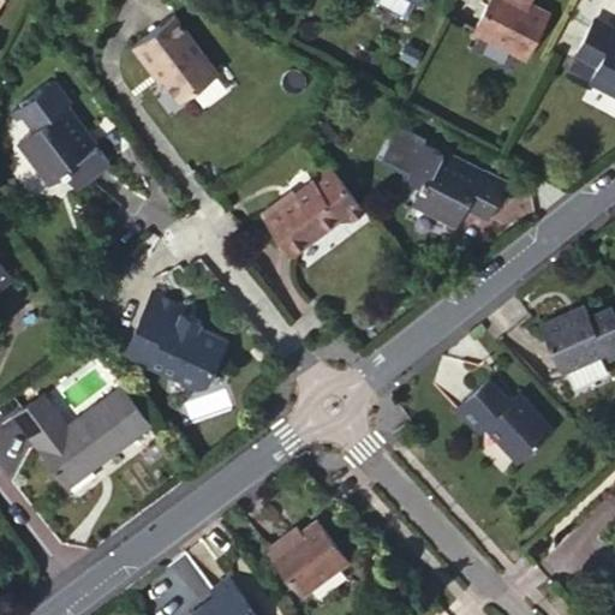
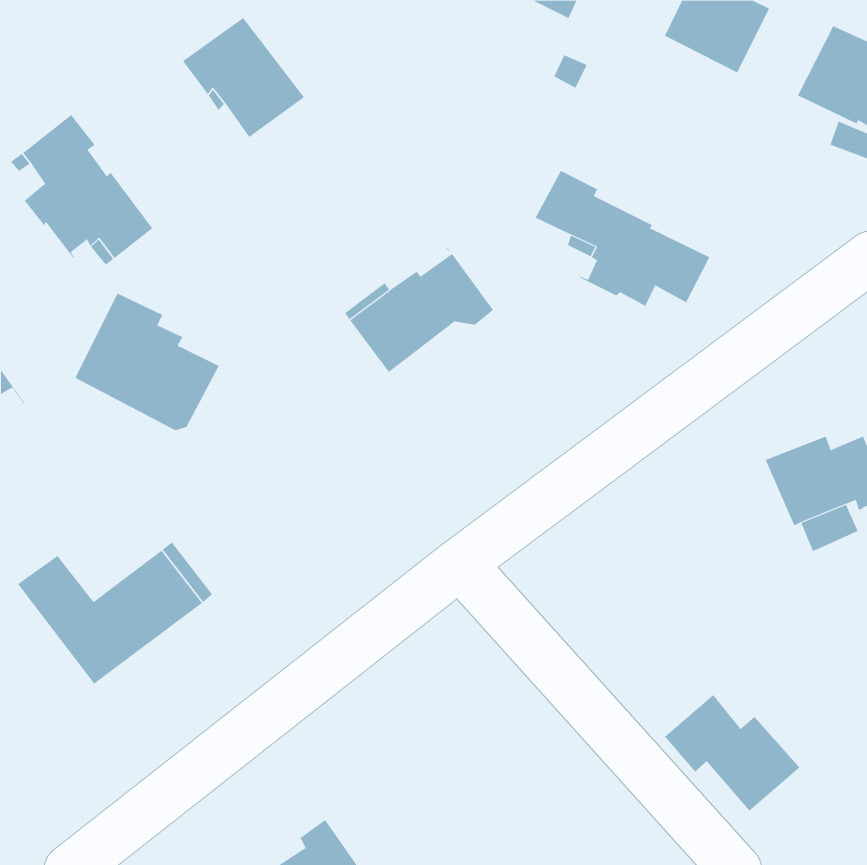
building: [121,293,223,390] -> [75,293,219,431]
building: [456,381,553,464] -> [664,694,800,812]
building: [269,525,351,601] -> none

